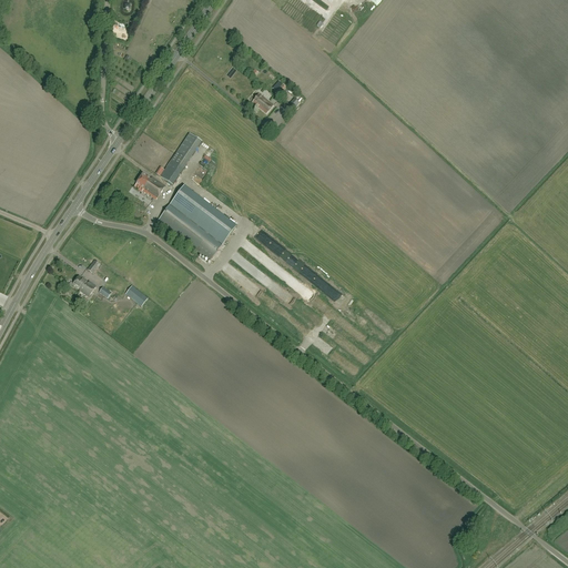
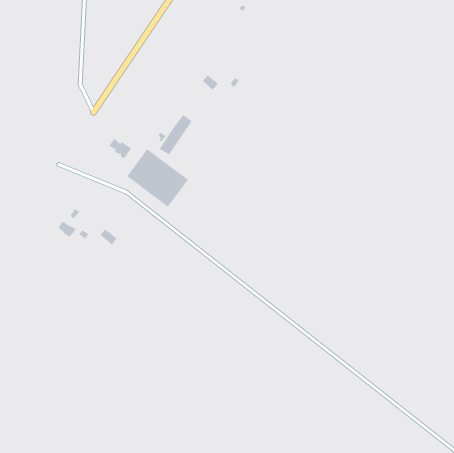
building: [159,132,201,183] -> [159,114,193,155]

